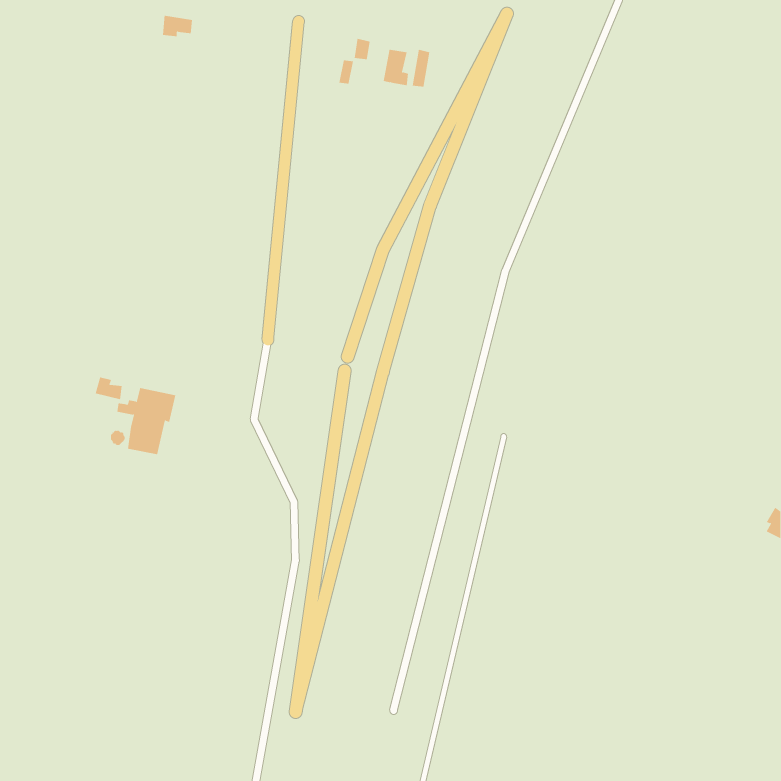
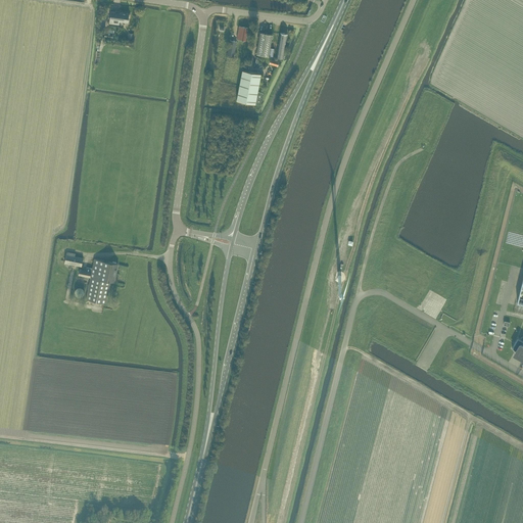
building: none -> [236,70,263,105]

